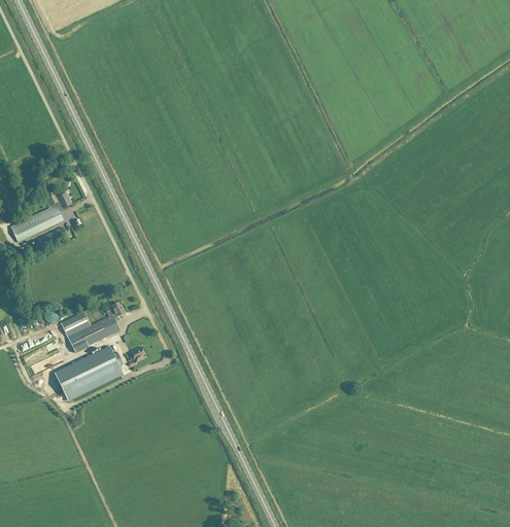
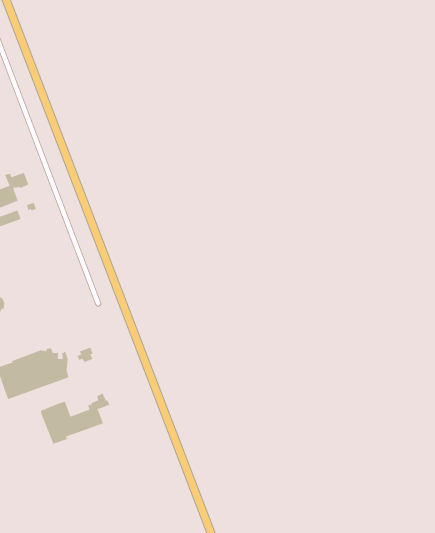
building: [60,301,124,352] -> [40,393,110,445]

